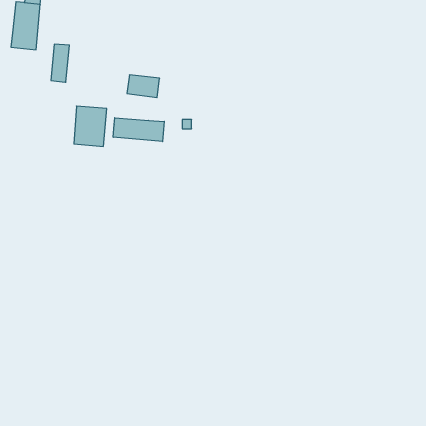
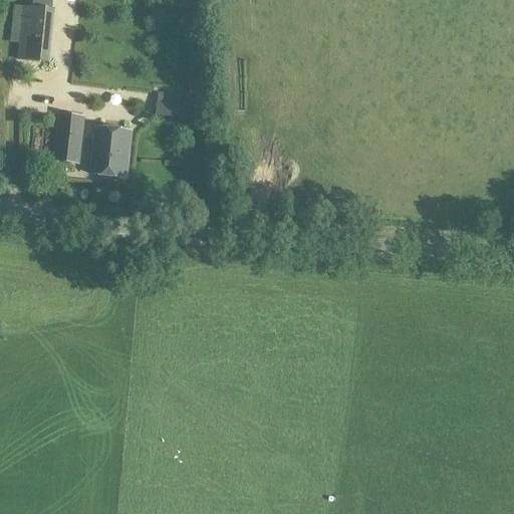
building: [51,44,69,82] -> [56,114,78,160]
building: [113,118,164,142] -> none

